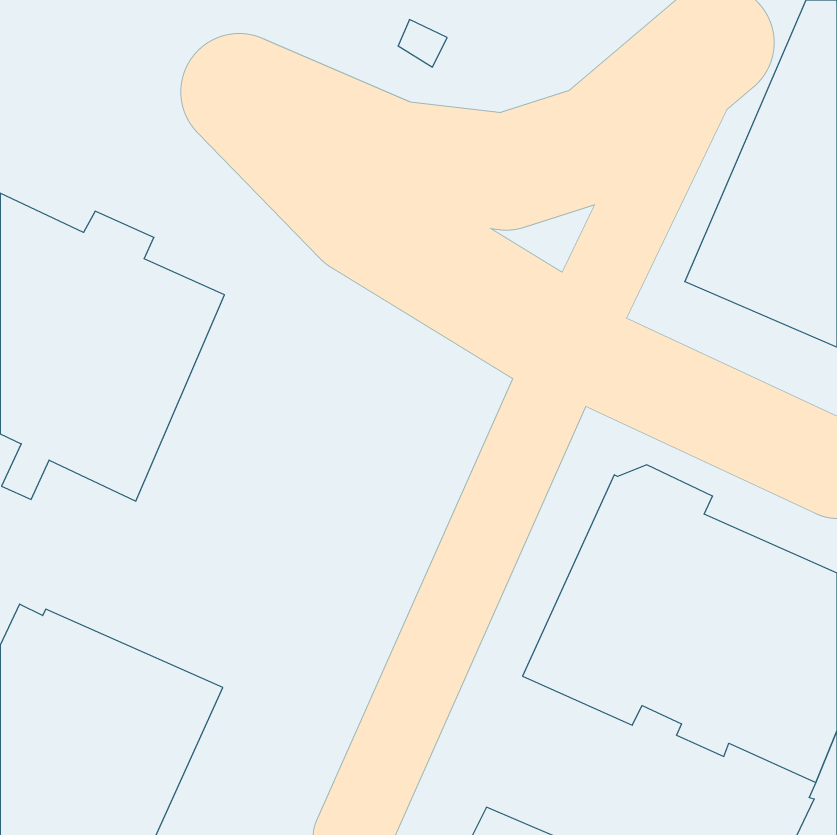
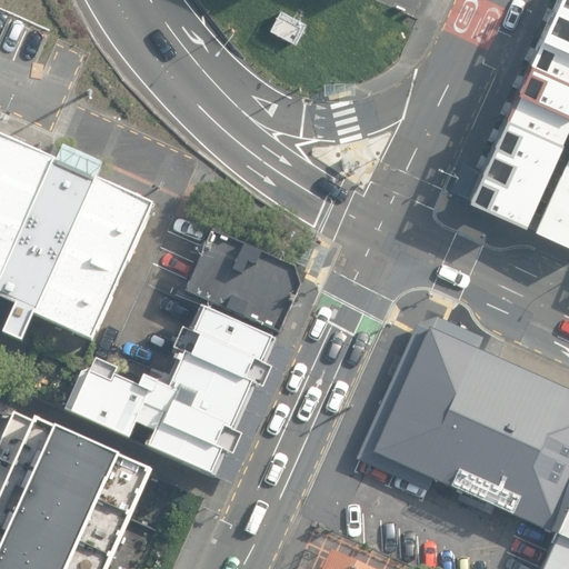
building: none -> [187,230,300,332]
building: none -> [59,305,277,476]

